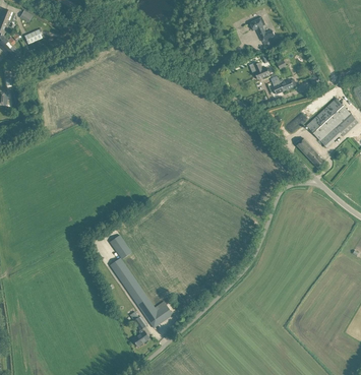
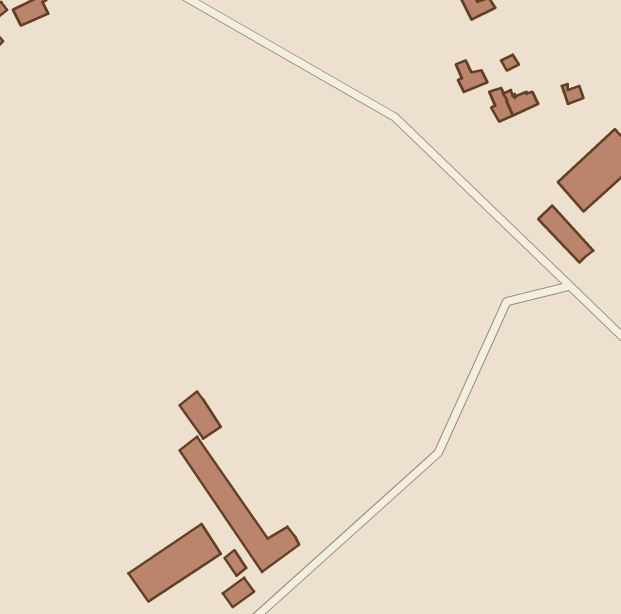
building: none -> [128,524,221,601]

